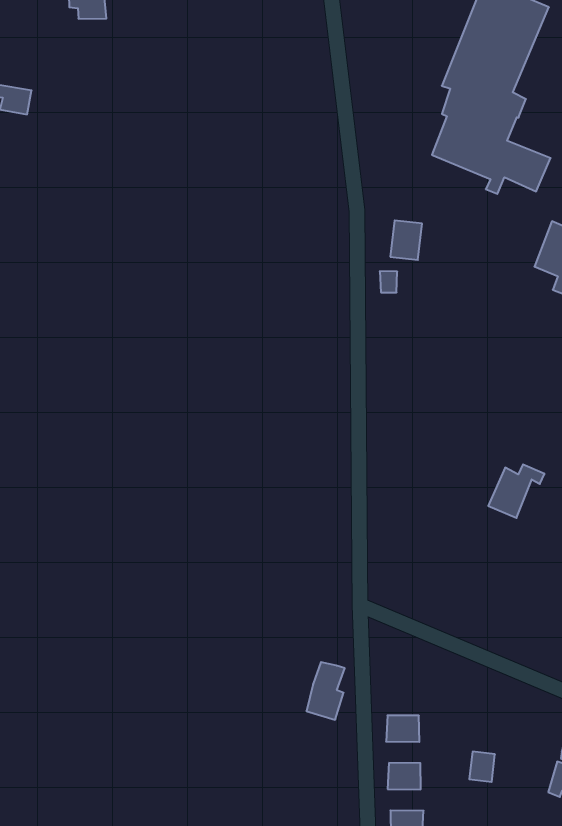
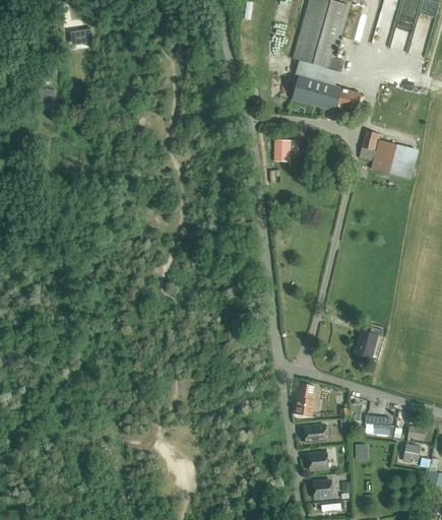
building: [488,464,545,518] -> [354,326,384,358]
building: [306,662,345,720] -> [294,383,314,415]
building: none -> [365,414,393,435]

